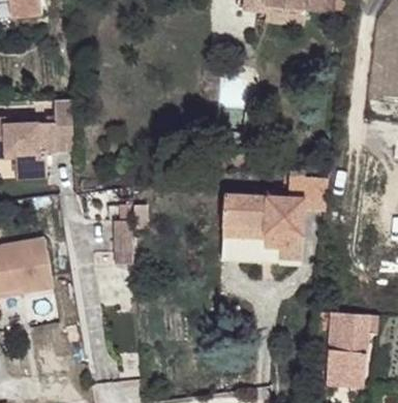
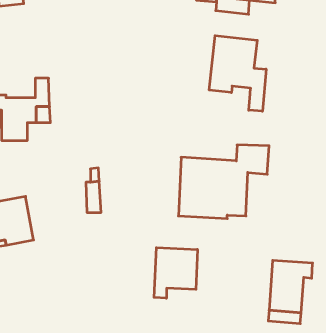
building: none -> [209,36,266,111]
building: none -> [154,248,197,298]

